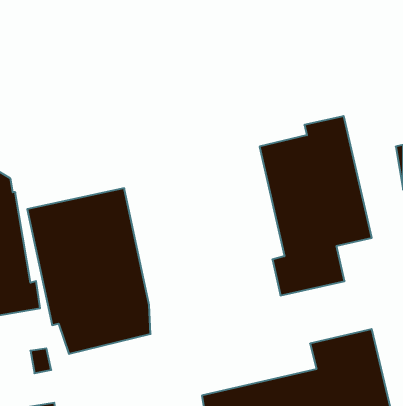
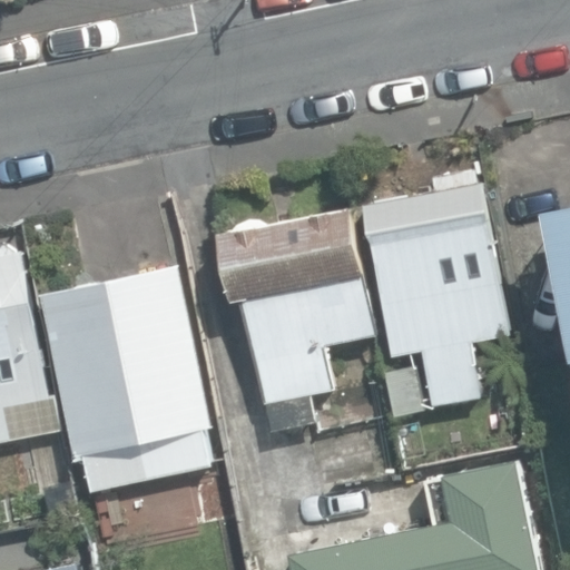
building: none -> [217,209,372,404]

